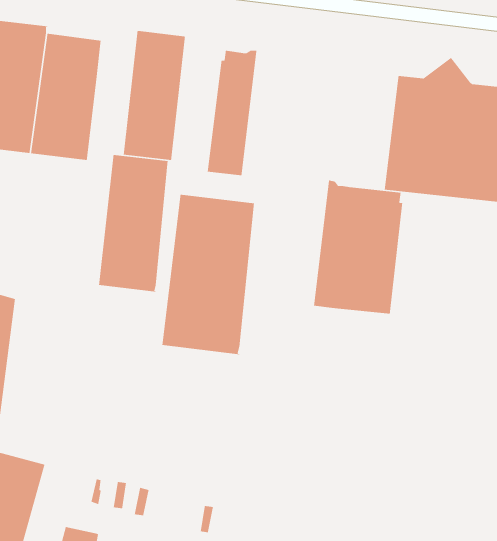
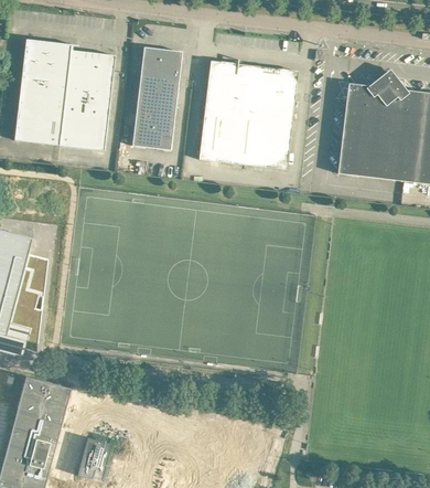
building: [98,154,168,292] -> none
building: [313,178,403,314] -> [225,62,295,169]
building: [162,194,255,355] -> none

